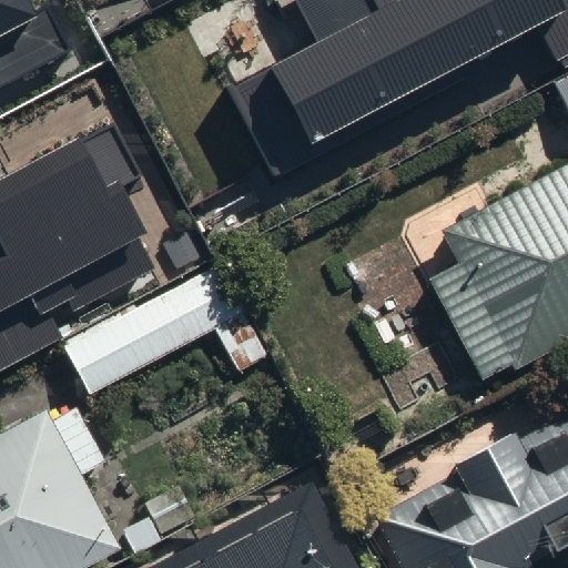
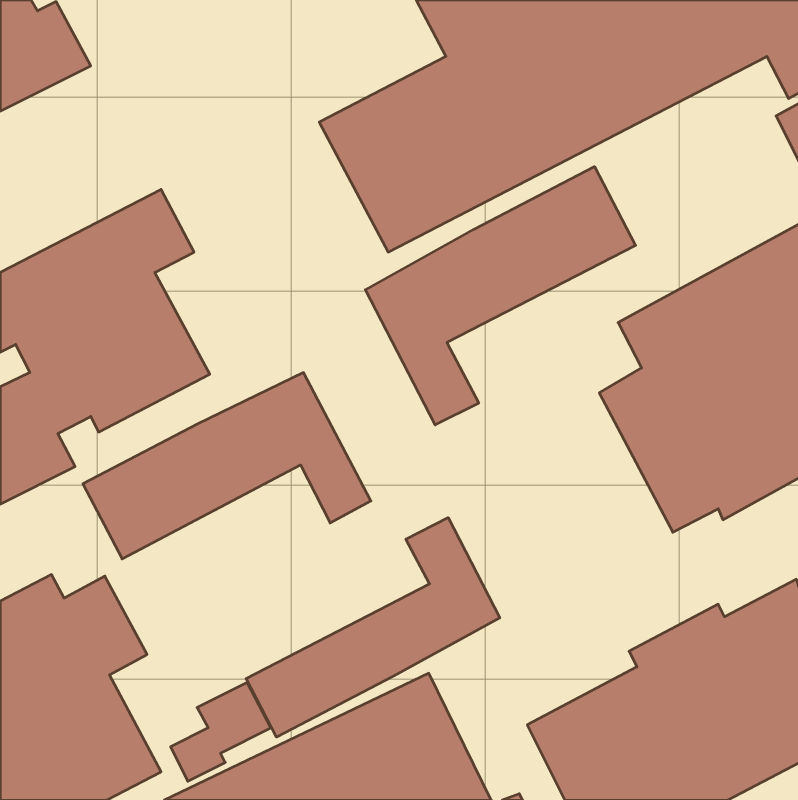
building: none -> [365,167,636,425]
building: none -> [246,518,500,737]

